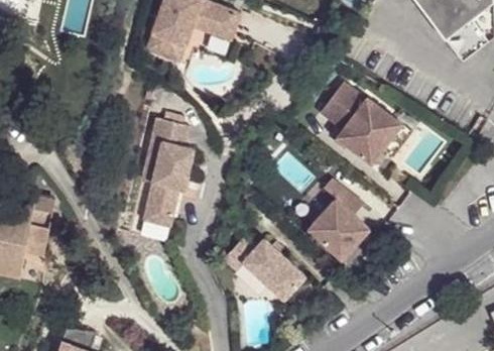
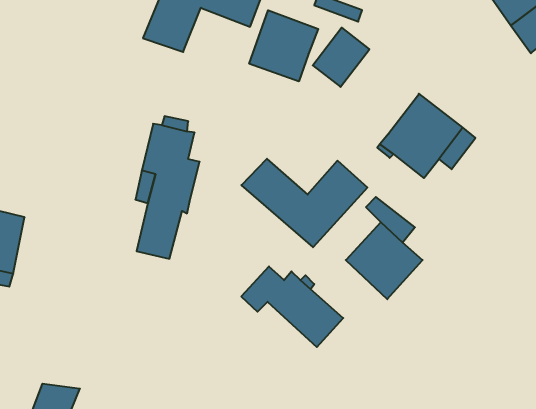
building: none -> [249,10,318,81]
building: [322,82,367,129] -> [313,28,369,87]
building: none -> [241,159,367,247]

